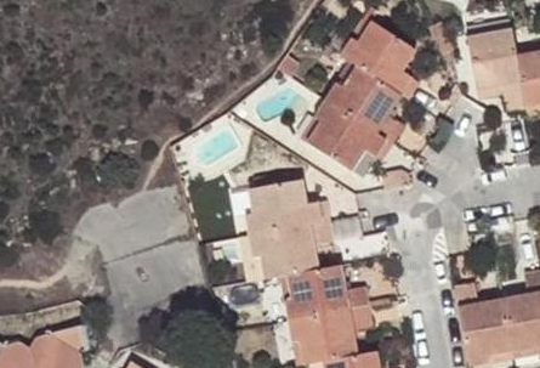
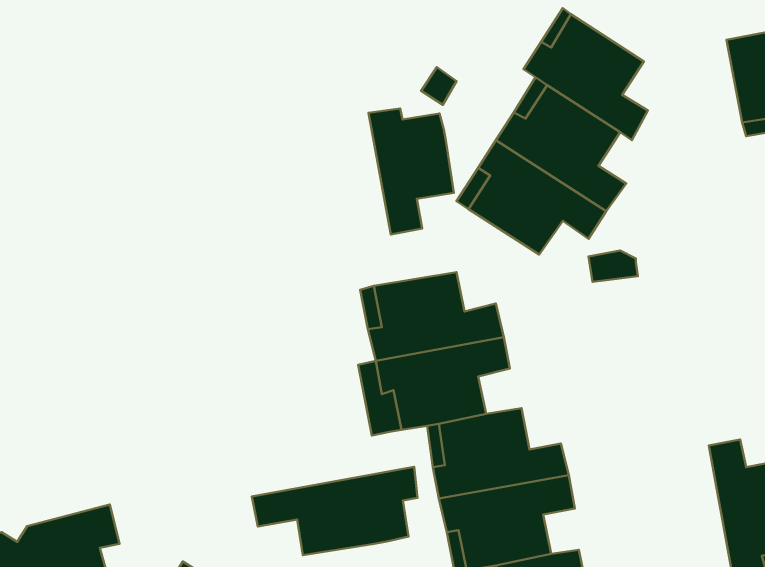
building: none -> [368,109,454,234]
building: none -> [252,467,418,555]

